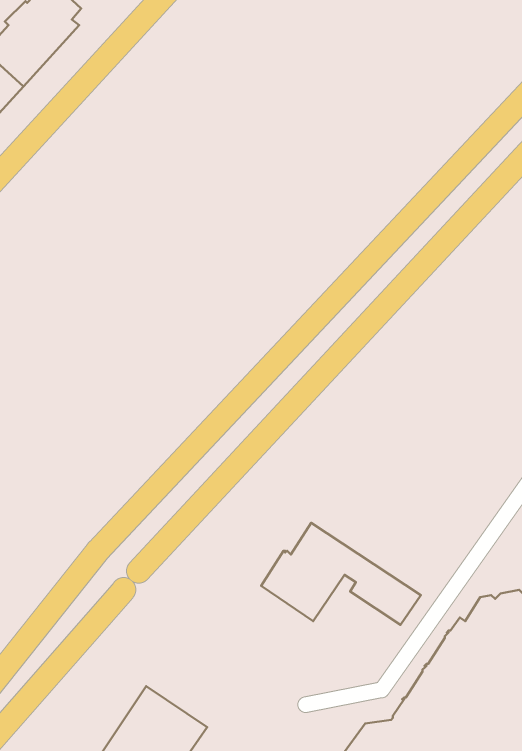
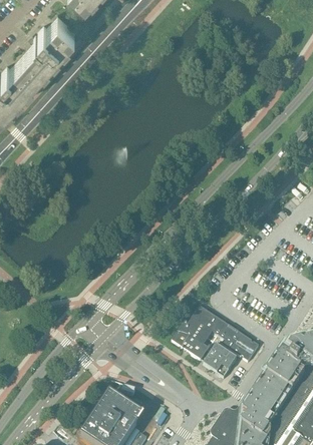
building: none -> [202,343,236,376]

